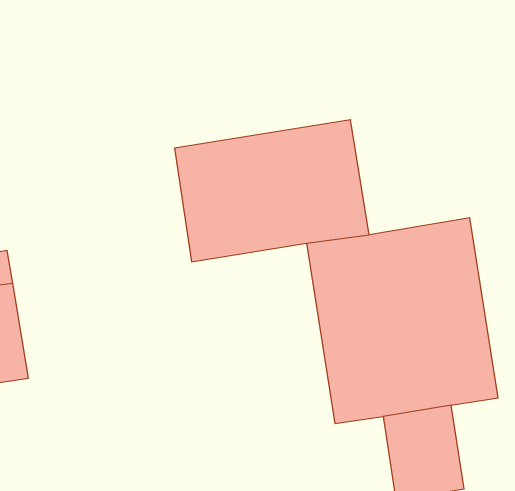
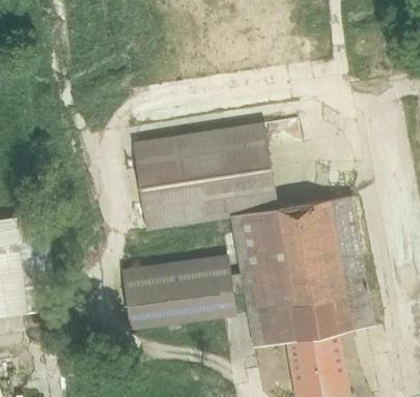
building: none -> [124,254,235,329]

